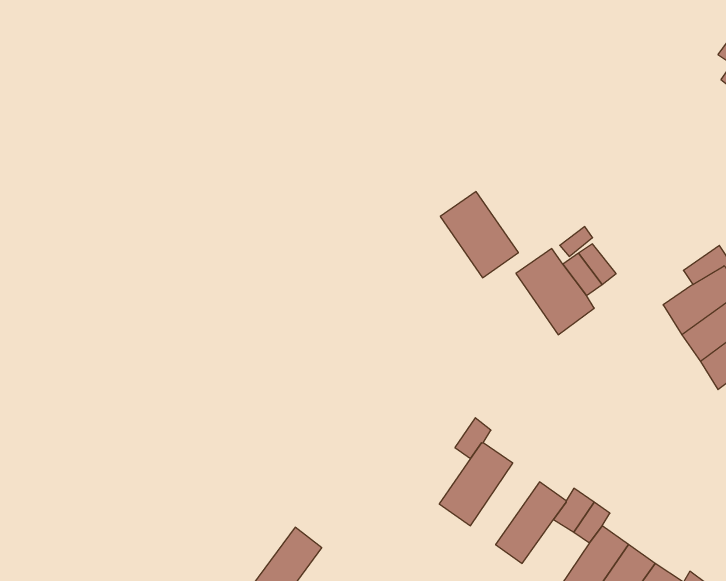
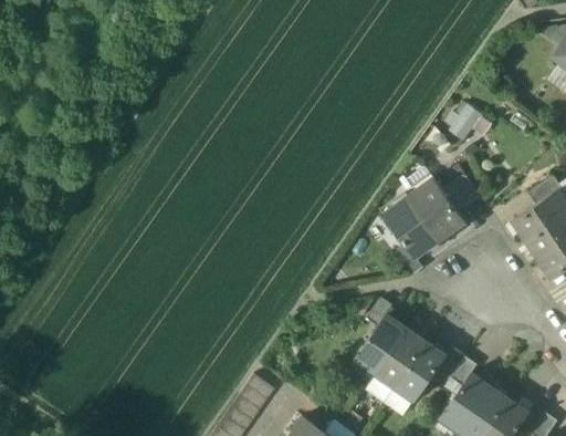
building: none -> [444,101,483,141]
building: [440,192,518,278] -> [384,197,439,258]
building: none -> [377,331,426,388]

